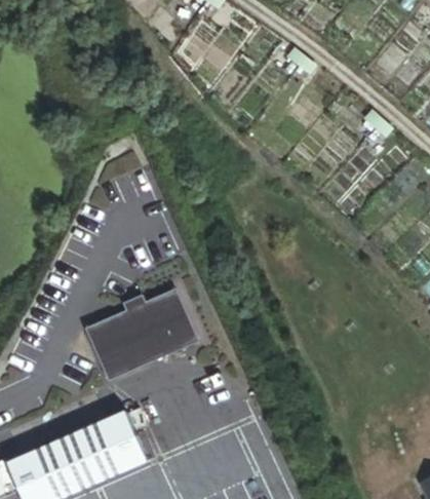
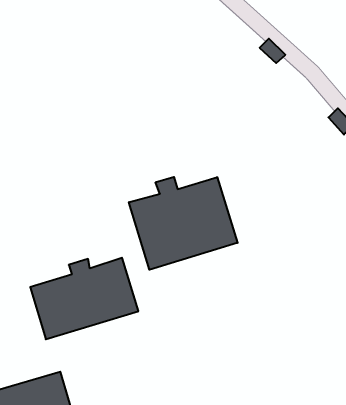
building: none -> [129,177,238,270]

